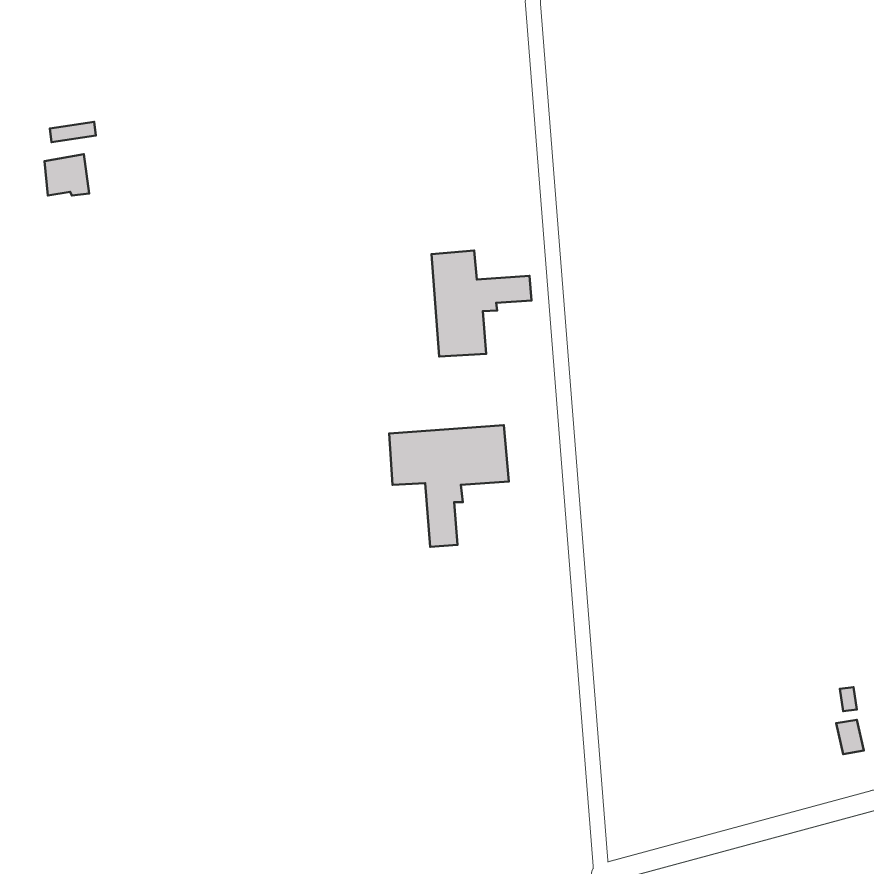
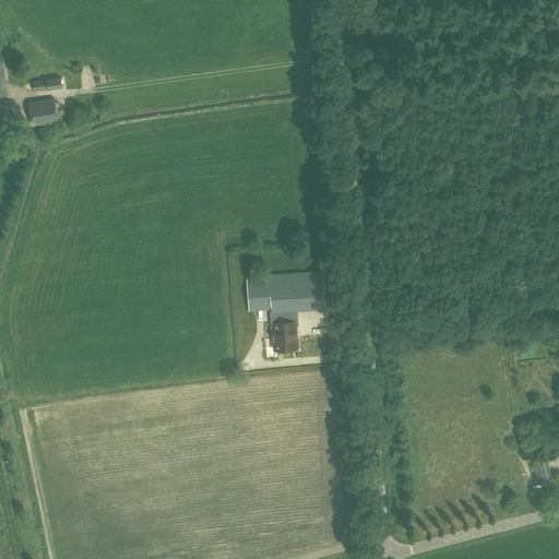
building: [432,251,532,357] -> none

